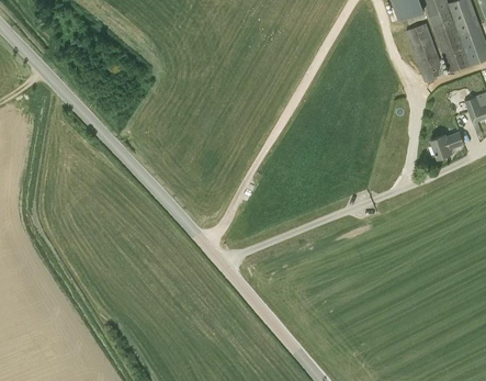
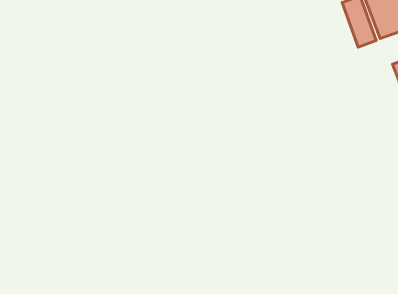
building: [431,132,465,158] -> none

